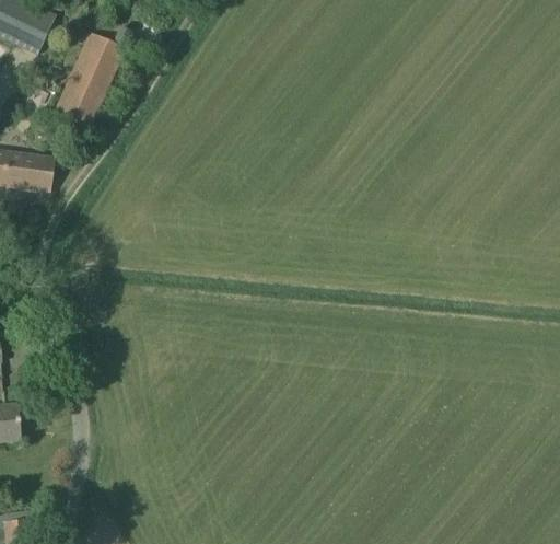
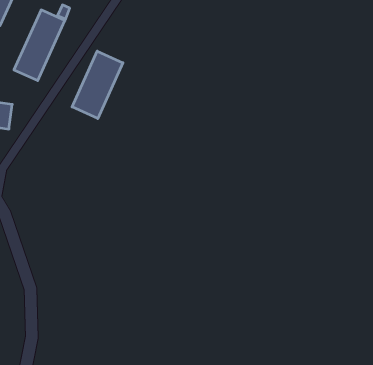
building: none -> [72,51,123,119]

